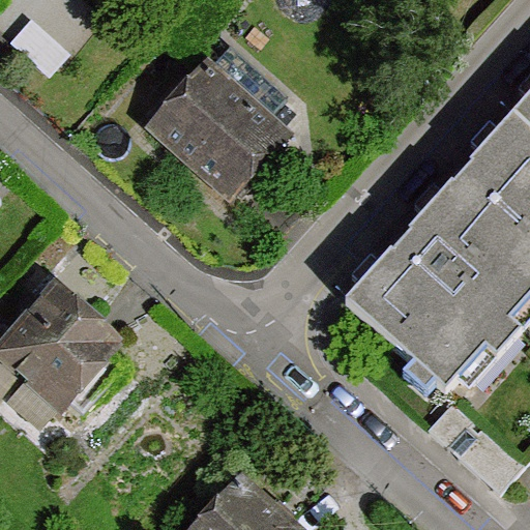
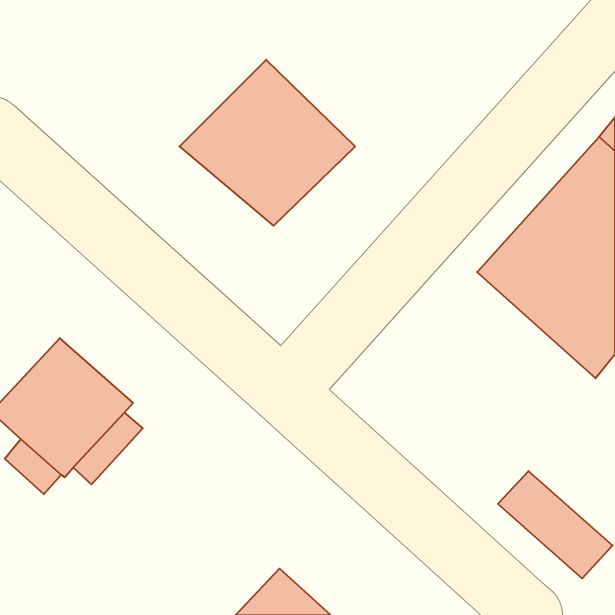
building: [341,231,517,391] -> none

